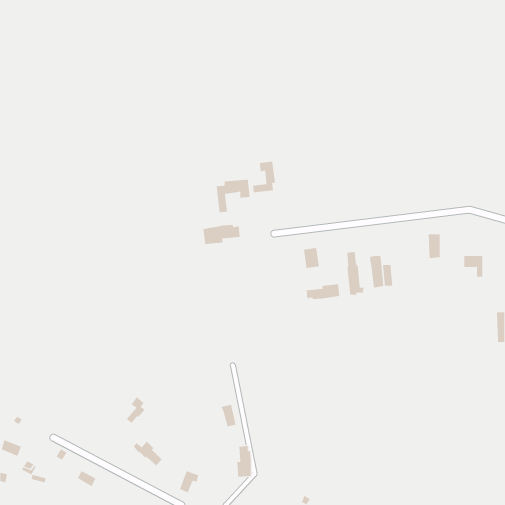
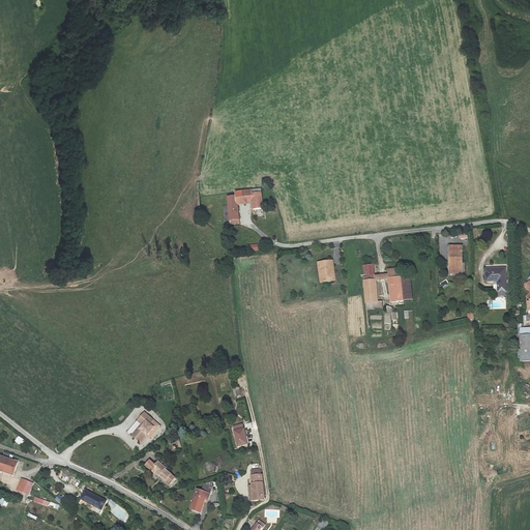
building: [253,161,276,193] -> none
building: [203,224,240,245] -> none
building: [306,284,340,300] -> none

